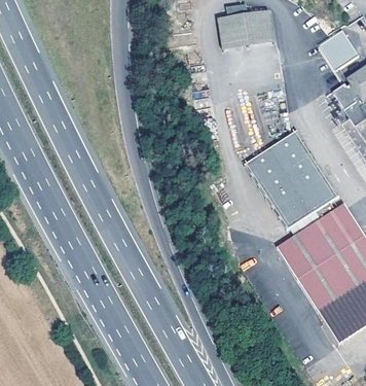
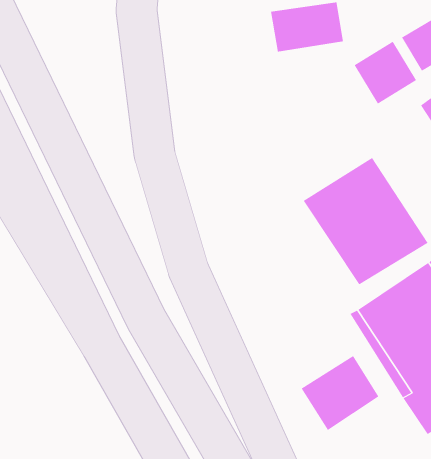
building: none -> [354,41,417,105]
building: none -> [301,355,379,431]

